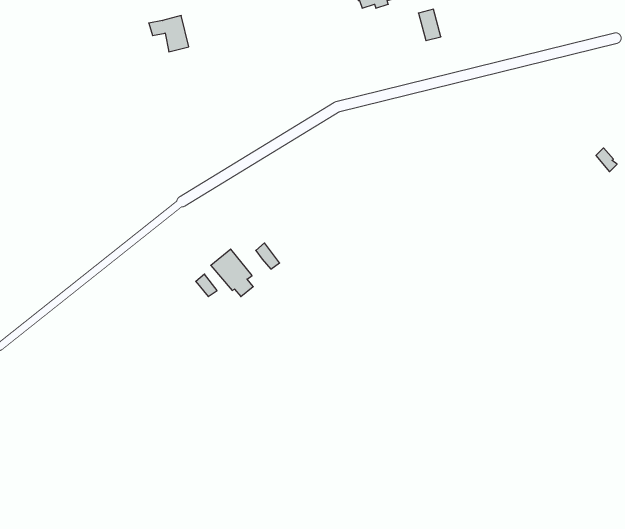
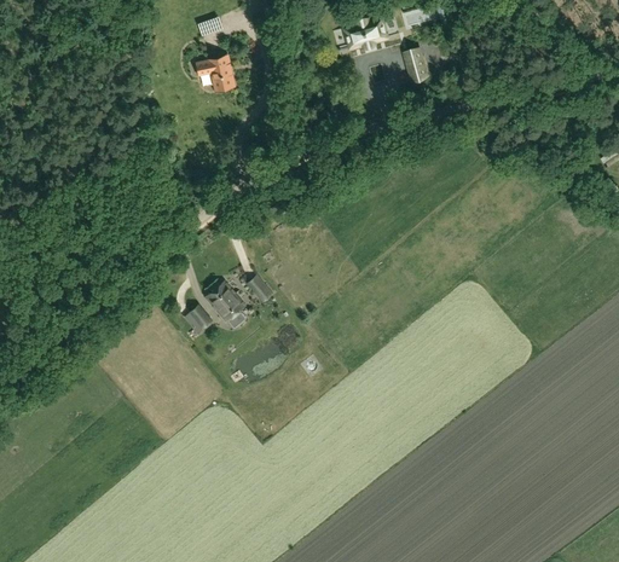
building: [149,16,189,52] -> [195,54,233,89]

